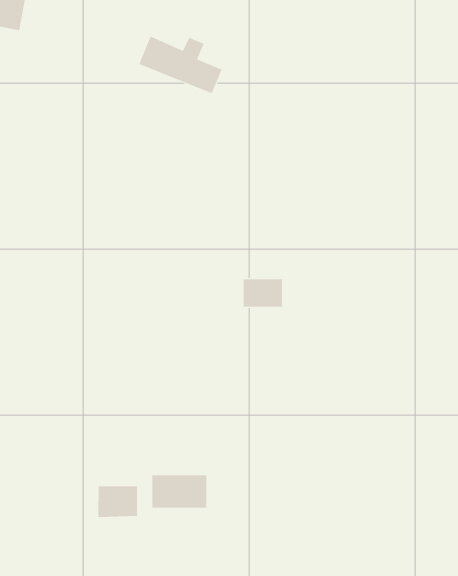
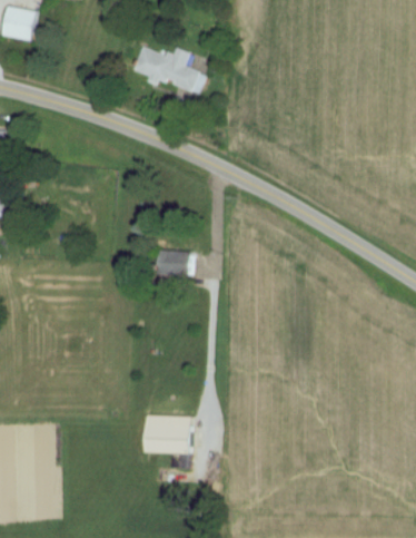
building: [243,279,283,307] -> [158,251,192,275]
building: [98,486,137,518] -> none

